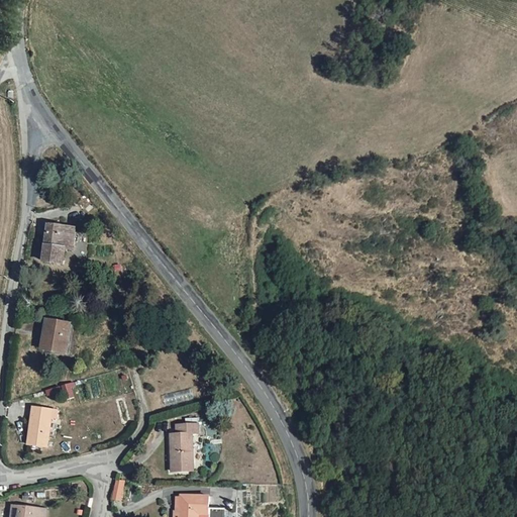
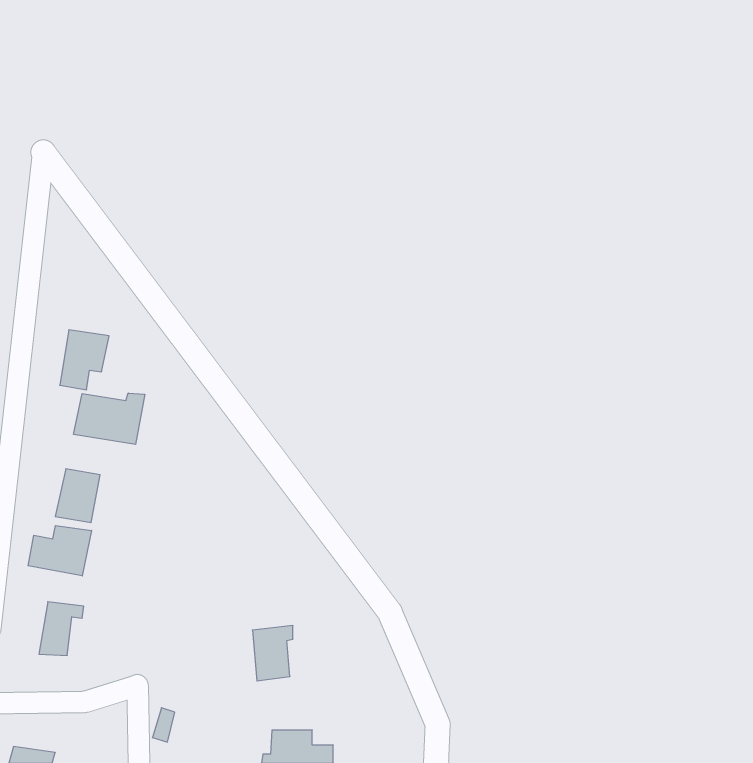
building: none -> [74,393,145,444]
building: none -> [28,526,91,576]

